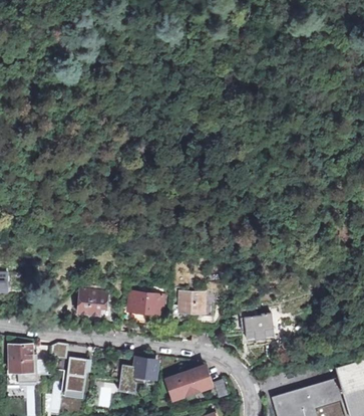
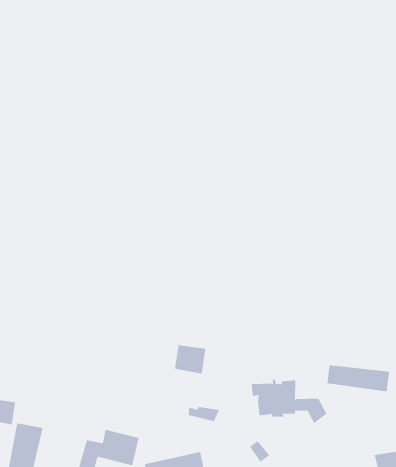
building: [77,283,113,315] -> none
building: [127,286,161,314] -> none
building: none -> [327,365,390,392]

